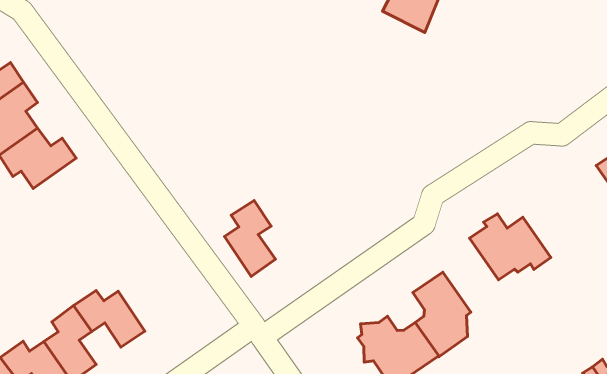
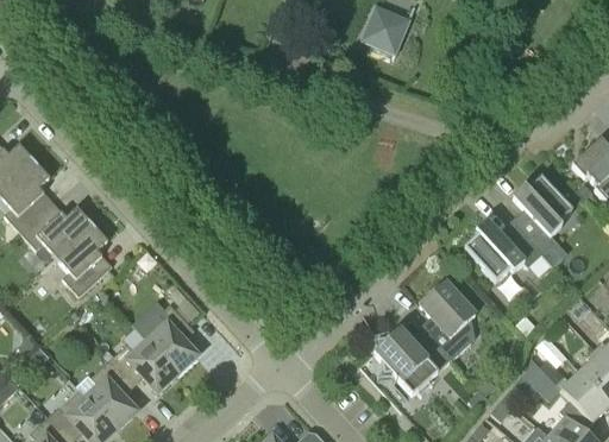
building: none -> [56,223,112,295]
building: none -> [510,175,572,266]
building: [224,200,276,276] -> [147,303,197,373]

